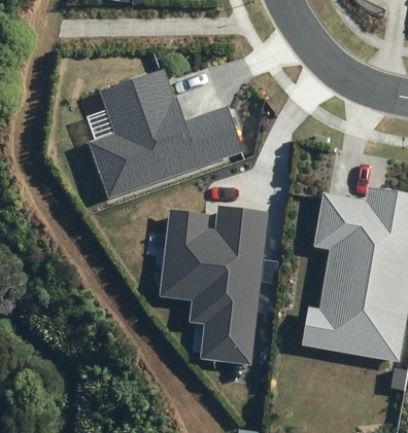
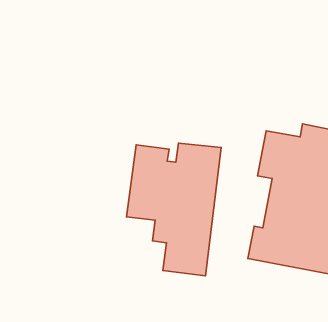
building: [84,67,242,200] -> none

